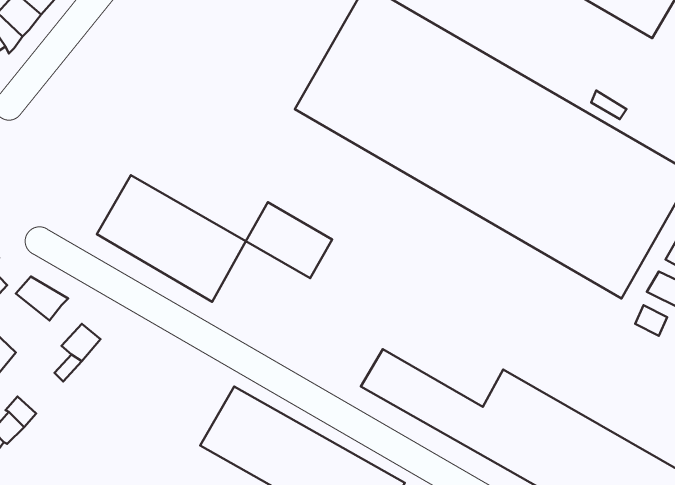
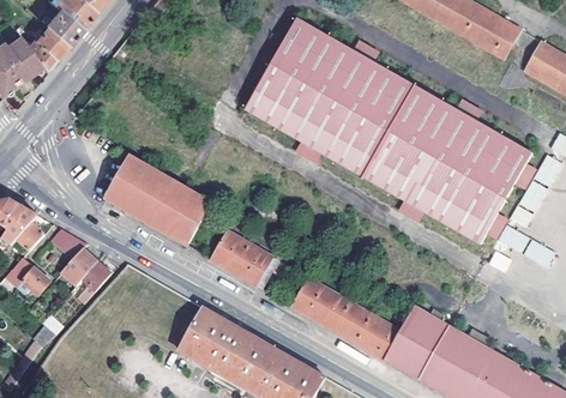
building: [246,202,332,278] -> [212,231,273,285]
building: none -> [62,248,96,284]

